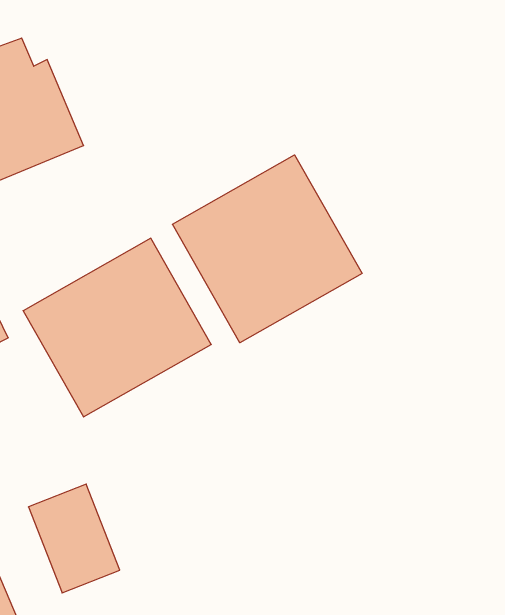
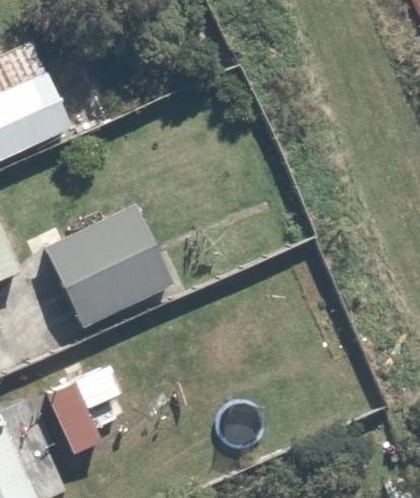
building: [172,155,362,343] -> none

